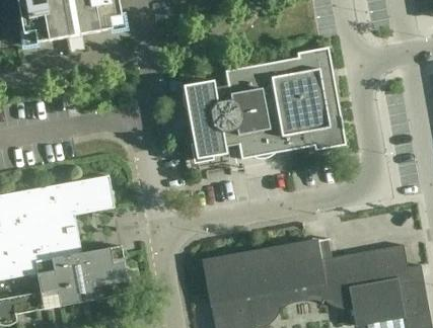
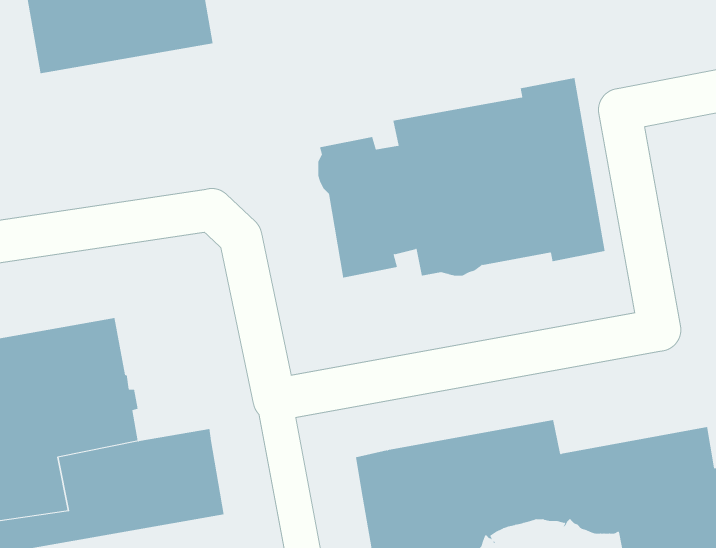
building: [68,175,115,215] -> none

